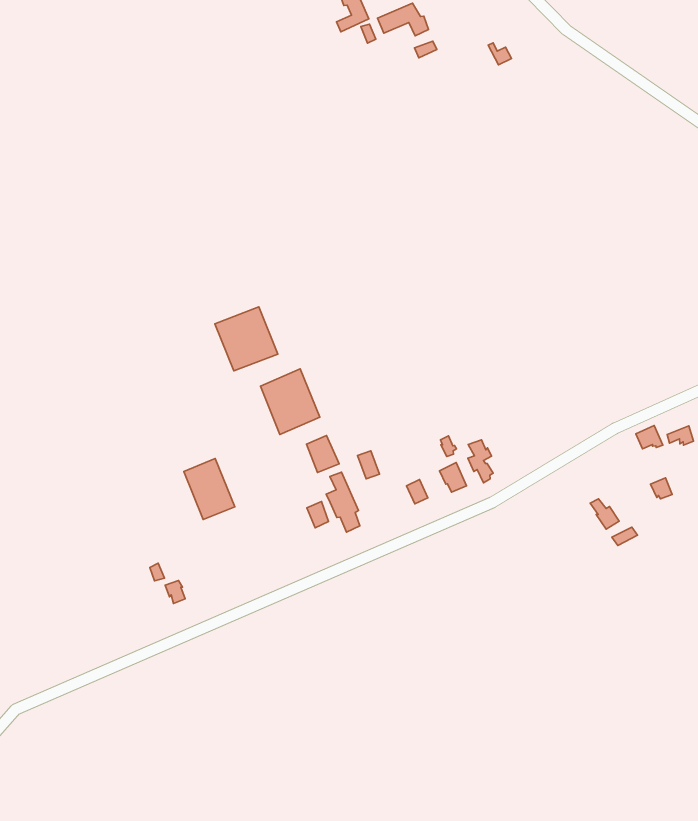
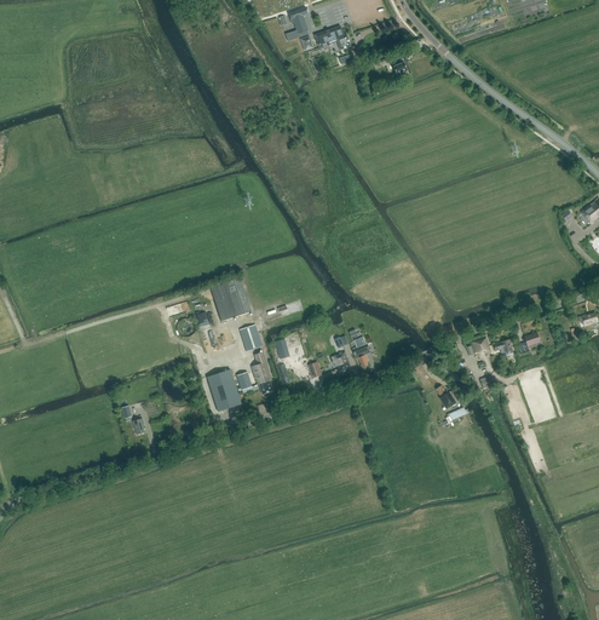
building: [215,307,278,371] -> none
building: [184,458,235,520] -> [207,369,241,412]

